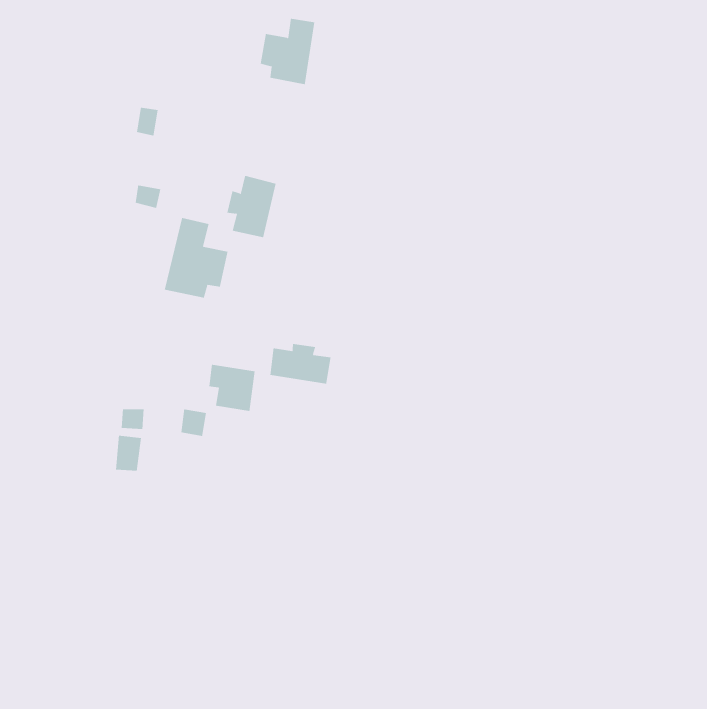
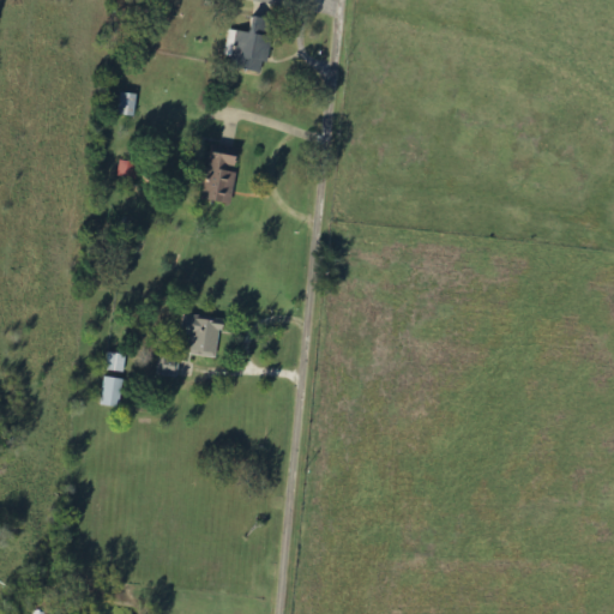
building: [164,217,228,298] -> none
building: [270,343,331,385] -> none

